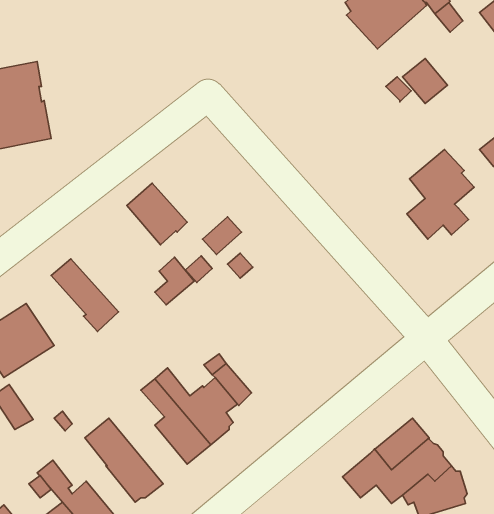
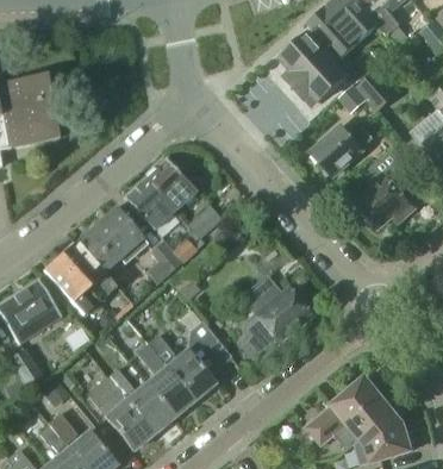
building: none -> [281,33,348,101]
building: none -> [311,124,374,176]
building: none -> [144,157,195,210]
building: none -> [76,206,143,273]
building: none -> [43,255,98,314]
building: none -> [238,279,308,358]
building: none -> [107,368,174,432]

